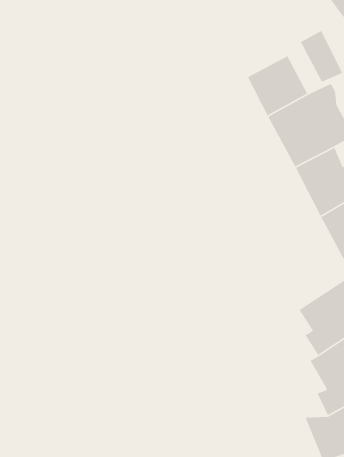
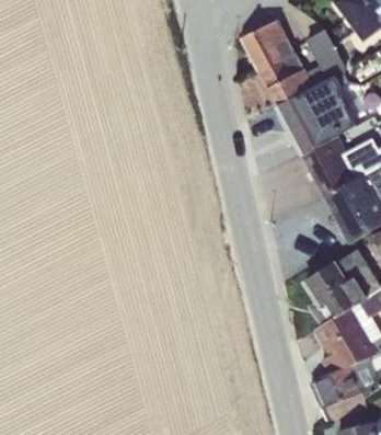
building: none -> [241,19,296,71]

